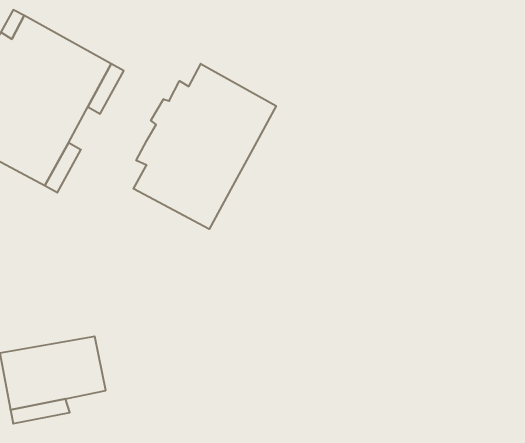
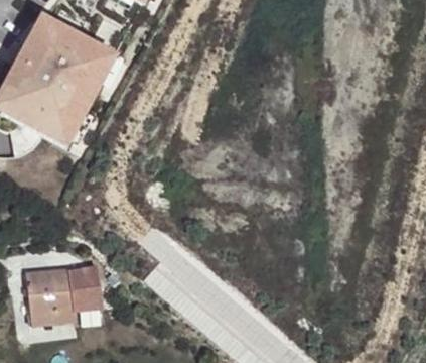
building: [133,64,276,229] -> none

